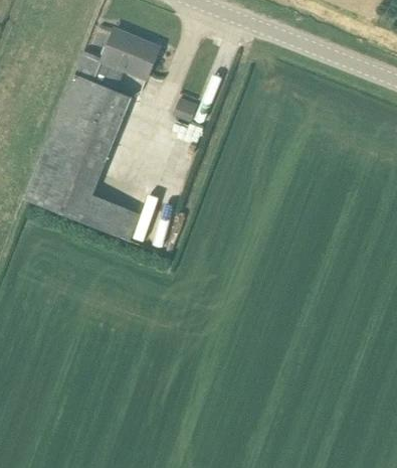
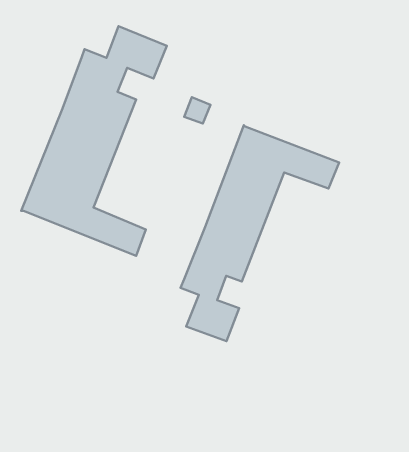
building: none -> [181,125,339,341]

